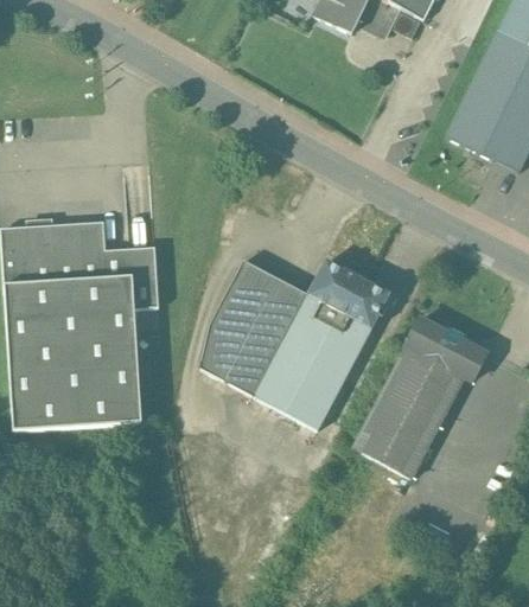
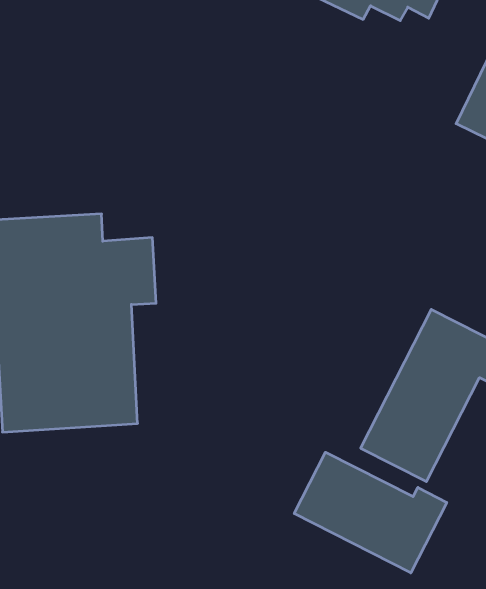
building: [206,251,393,427] -> none
building: none -> [294,452,447,573]

